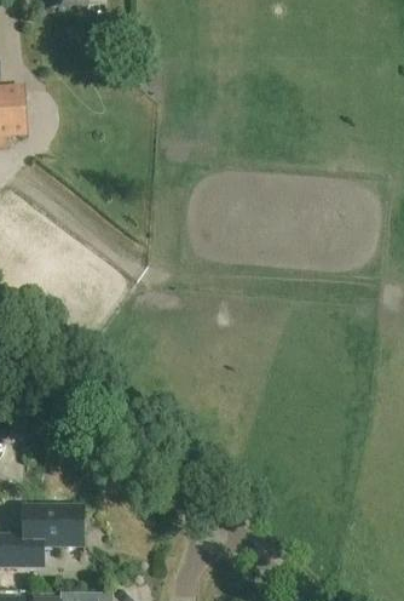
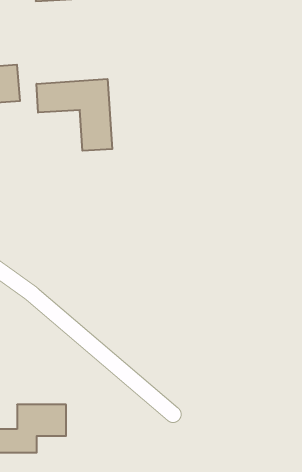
building: none -> [37,79,112,151]

